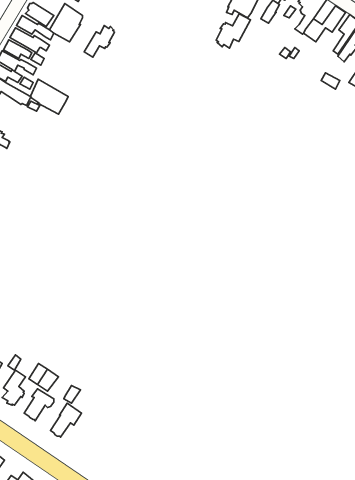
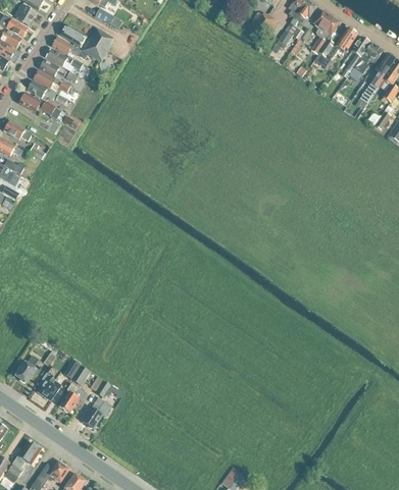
building: [216,14,250,48] -> none
building: [84,25,114,57] -> none
building: [30,79,68,114] -> none

